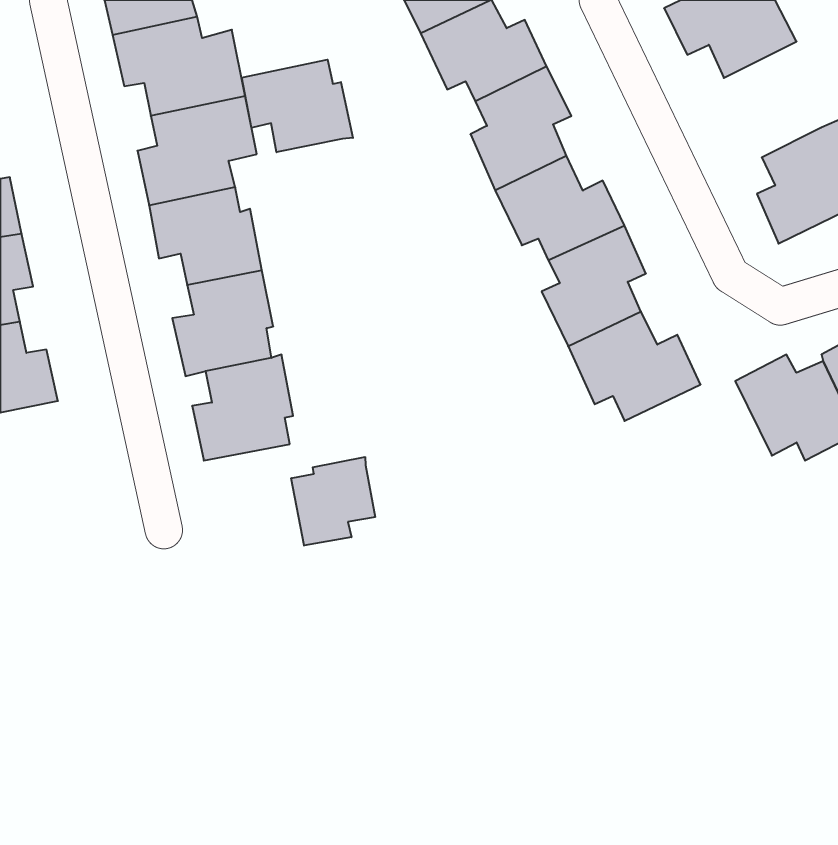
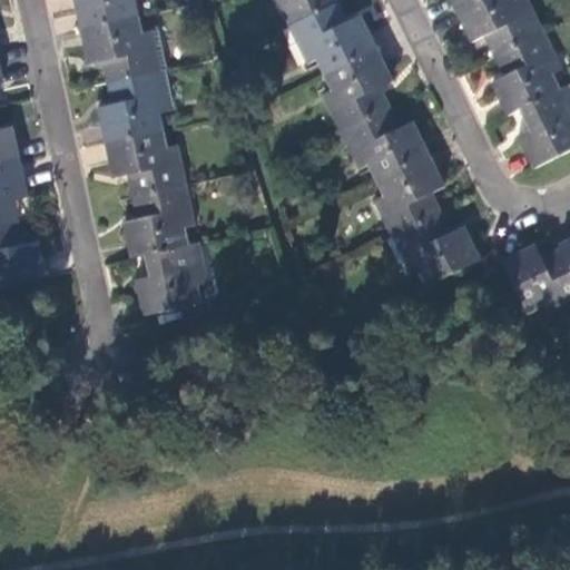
building: none -> [488,29,560,114]
building: [242,60,353,152] -> none
building: [291,457,375,546] -> none

